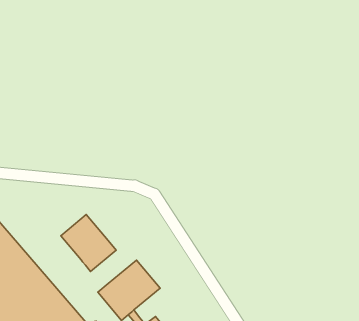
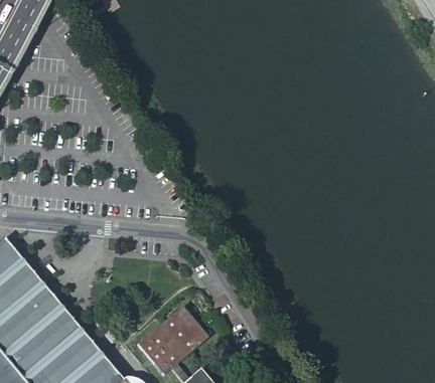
building: [61,214,116,271] -> none

